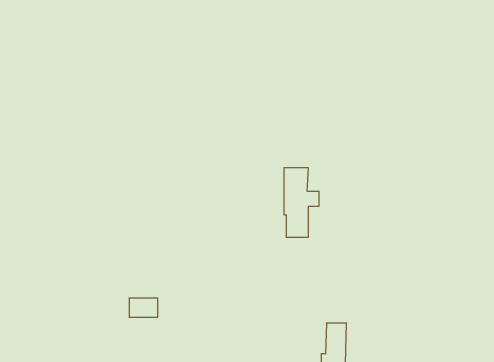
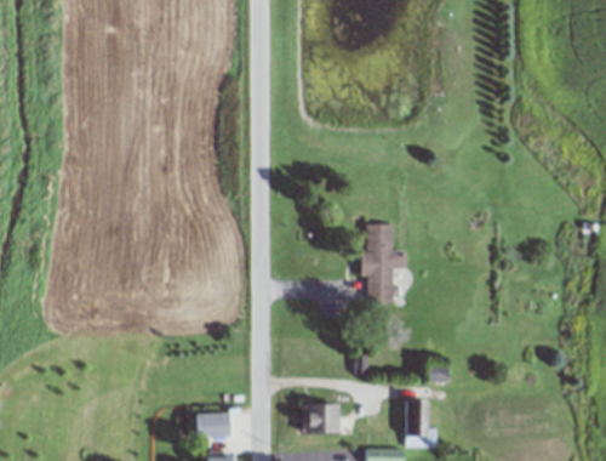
building: [129,298,158,317] -> [196,414,229,436]
building: none -> [303,404,339,433]

